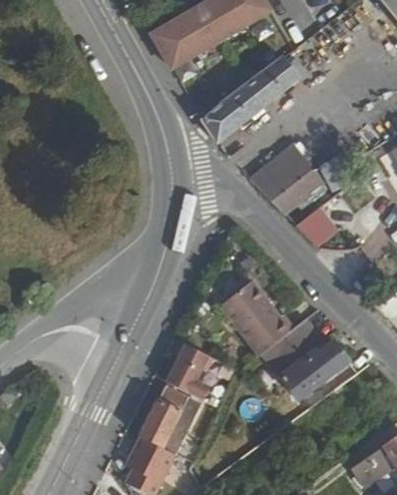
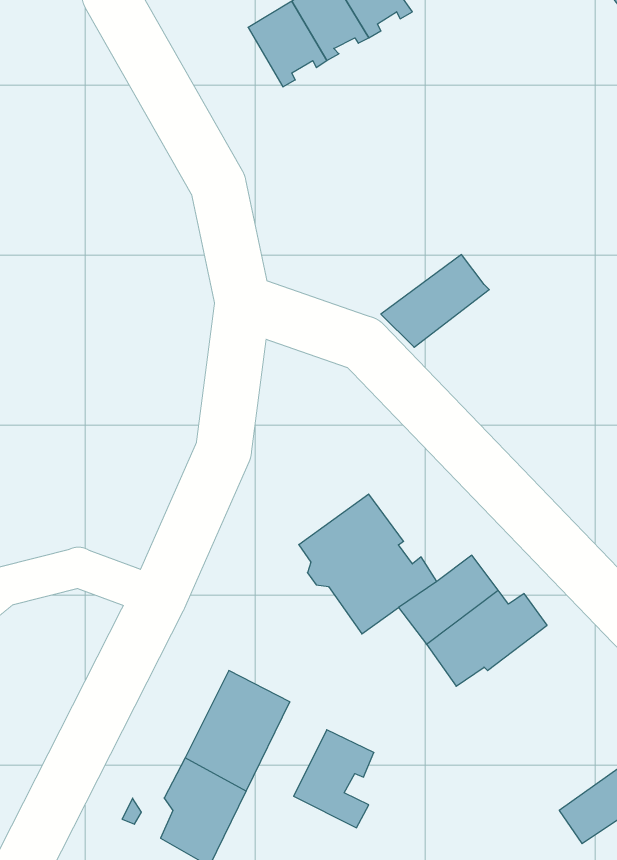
building: [150,17,195,65] -> none
building: [202,56,302,142] -> none
building: [271,167,327,214] -> none
building: [297,203,339,245] -> none
building: [165,343,212,399] -> [294,730,374,828]

